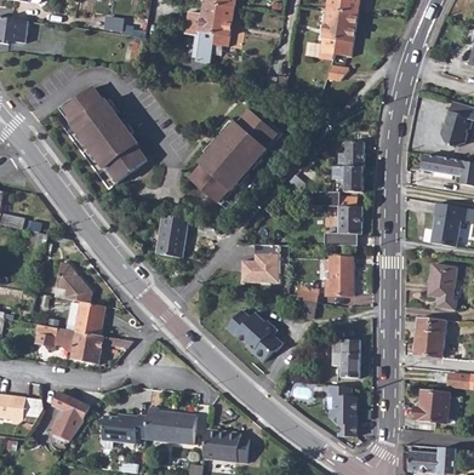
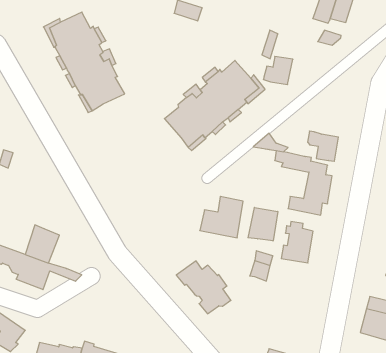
building: [337,142,362,167] -> [263,56,293,85]
building: [155,212,189,256] -> none
building: none -> [248,207,278,241]
building: [53,263,92,303] -> none
building: [331,337,359,376] -> none

